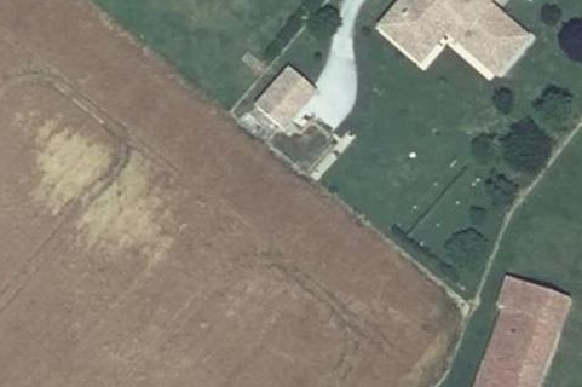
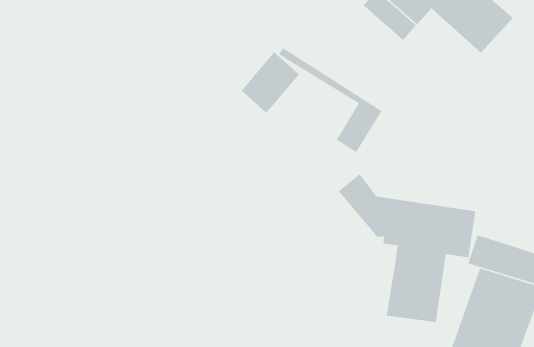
building: none -> [278,47,382,153]
building: none -> [338,173,476,323]

